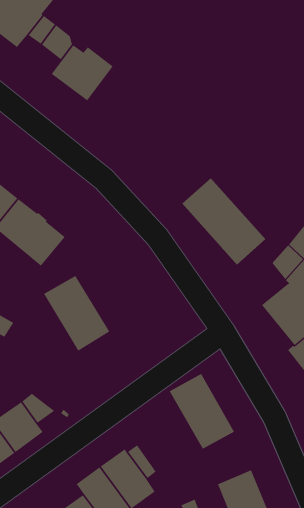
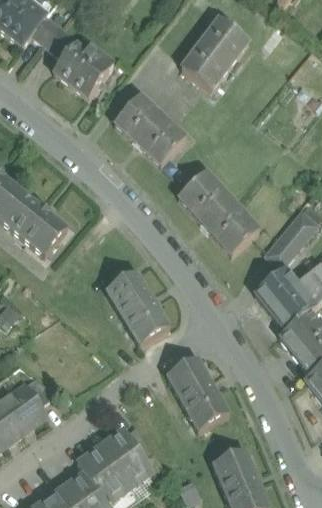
building: none -> [181,17,249,89]
building: none -> [115,95,186,165]
building: [43,275,110,352] -> [106,271,170,344]

